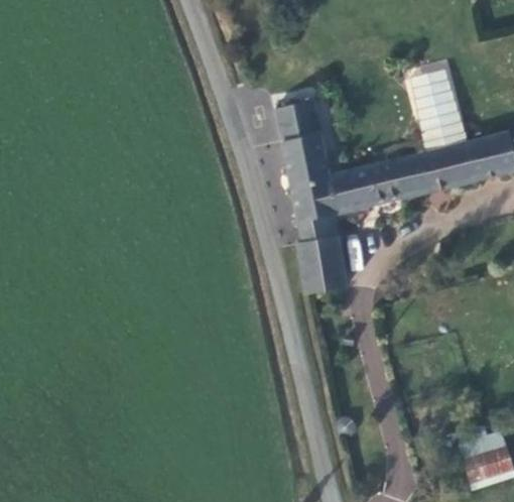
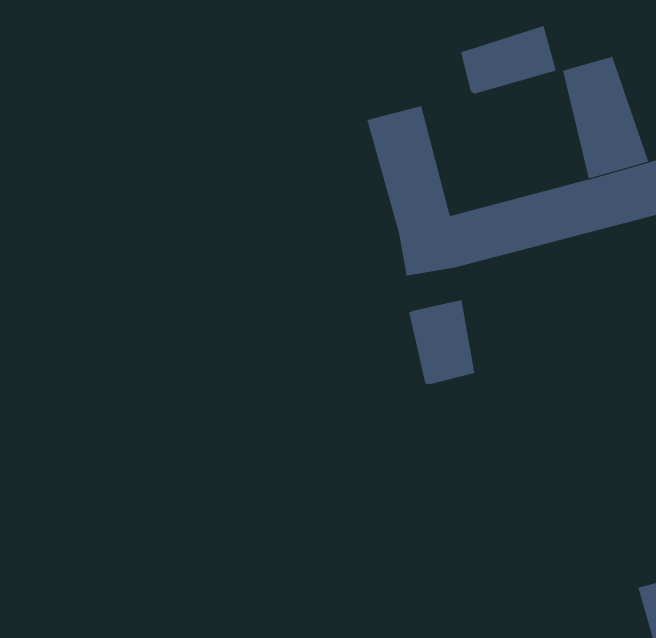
building: none -> [461,25,556,95]
building: [299,216,339,246] -> none

